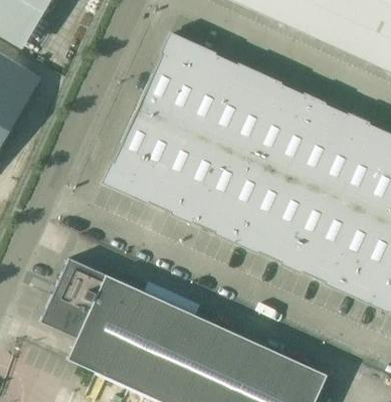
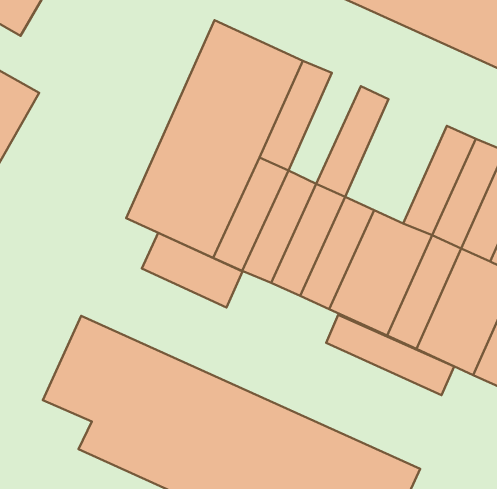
building: [226,72,281,157] -> none
building: [269,92,347,187] -> none
building: none -> [142,233,243,307]
building: none -> [326,315,454,395]

